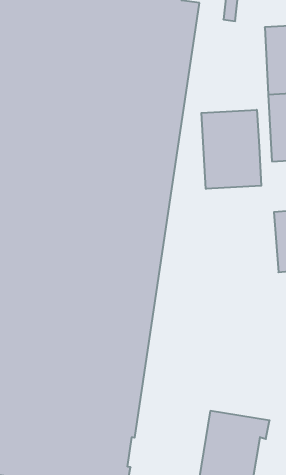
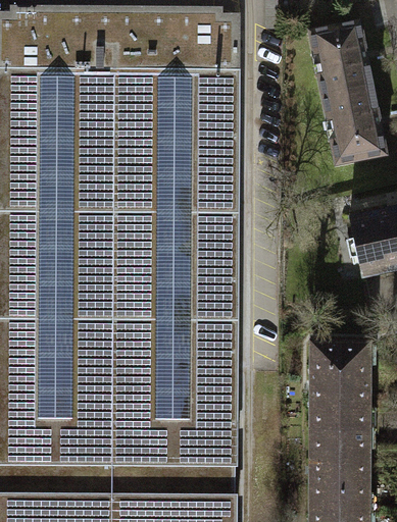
building: [201,110,261,189] -> none
building: none -> [309,341,370,427]

